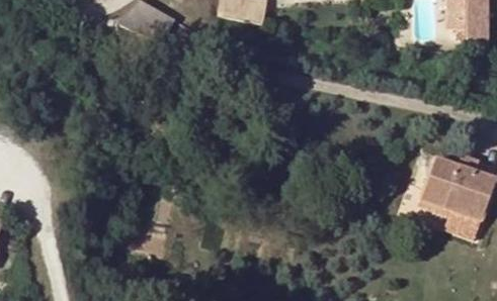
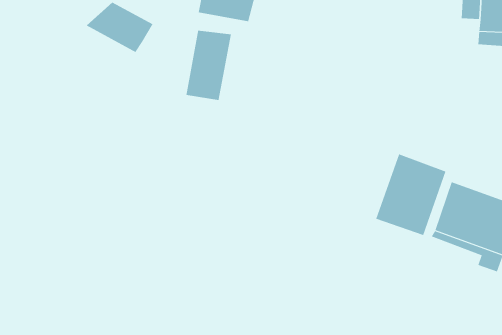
building: none -> [186,30,232,101]
building: none -> [376,153,446,236]

